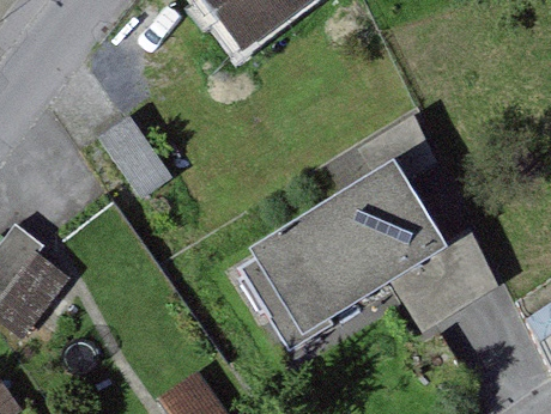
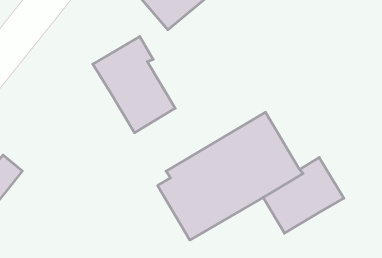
building: none -> [93,36,175,133]

